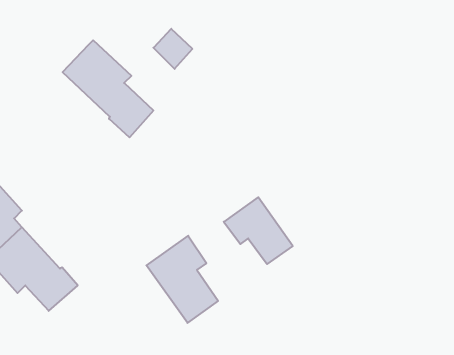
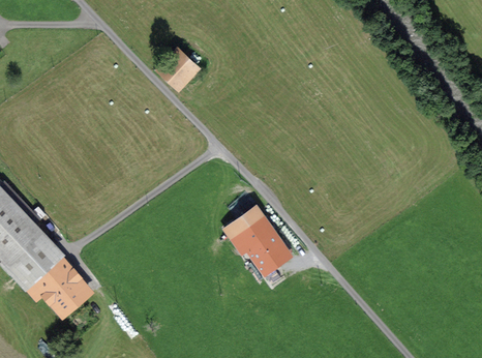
building: [63,40,153,137] -> none
building: [146,236,218,323] -> none

